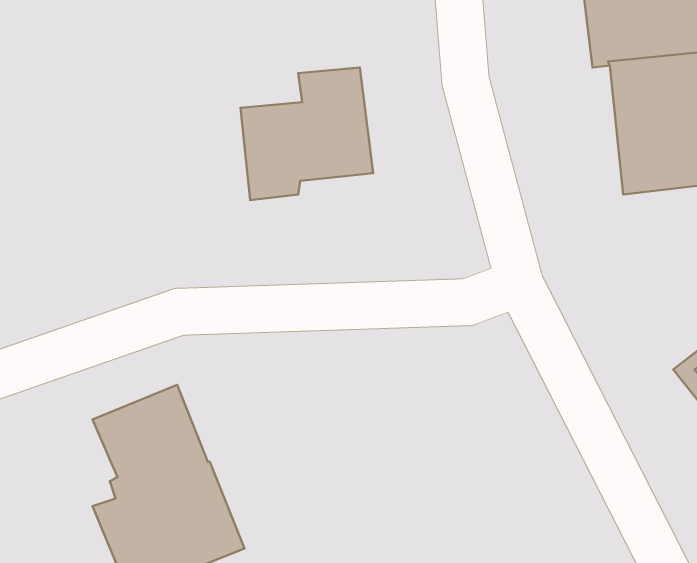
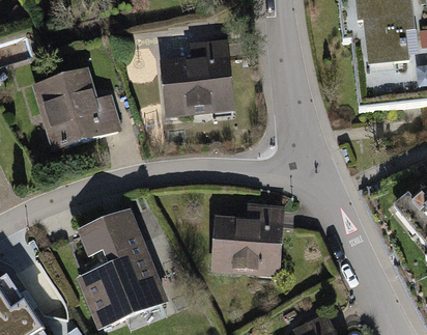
building: none -> [39,69,119,144]
building: none -> [214,204,283,268]

